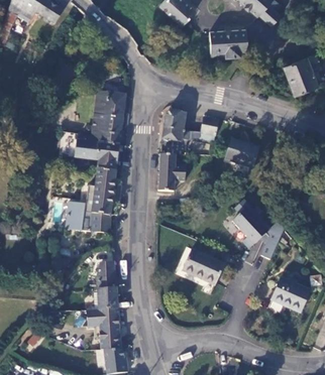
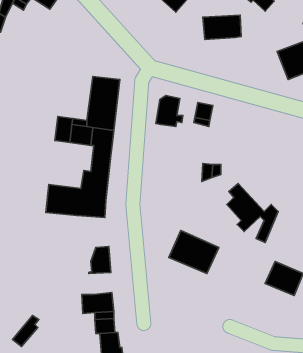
building: [225,138,257,166] -> none
building: [157,153,186,192] -> none
building: [93,288,116,310] -> none

